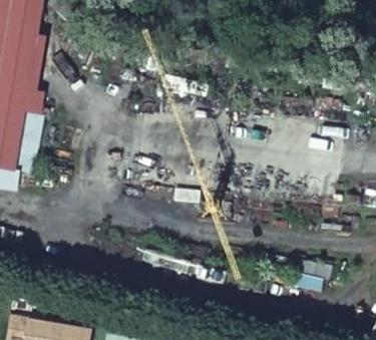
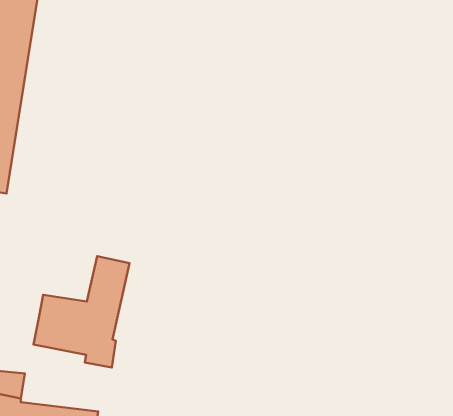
building: none -> [34,256,130,367]

